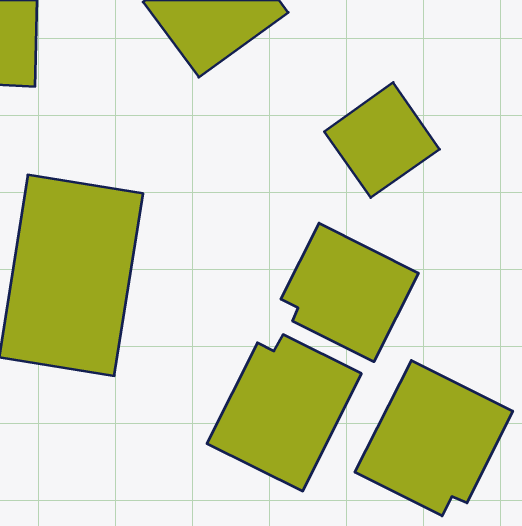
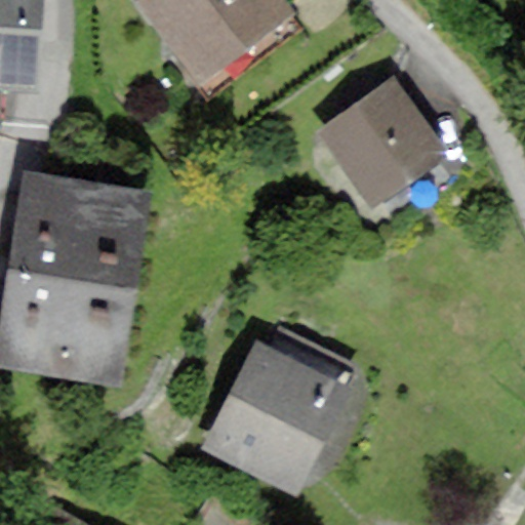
building: [281,223,418,362] -> none
building: [355,360,513,516] -> none

